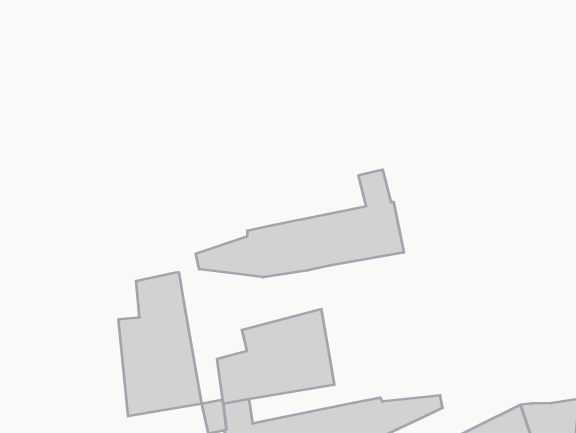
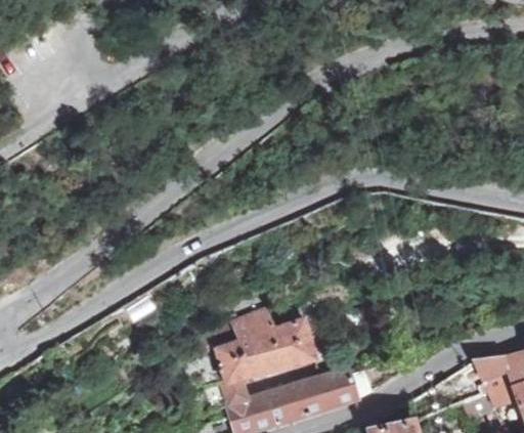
building: [196,170,404,277] -> none
building: [119,272,201,416] -> none

